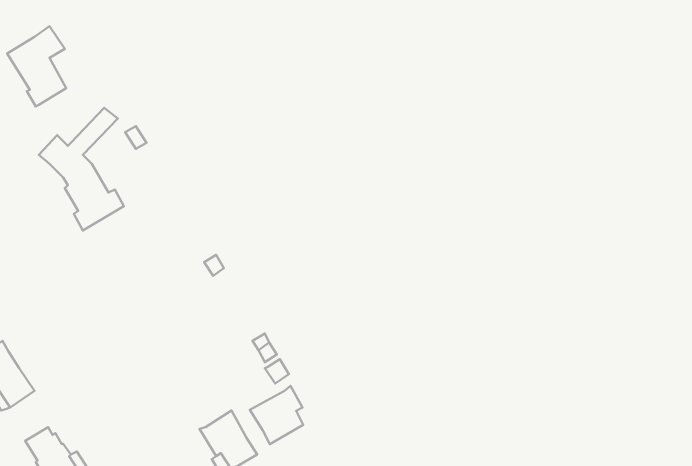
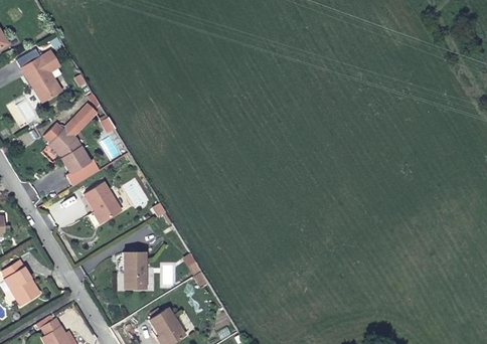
building: none -> [84,181,121,222]
building: none -> [123,251,145,289]
building: [250,386,303,444] -> none

